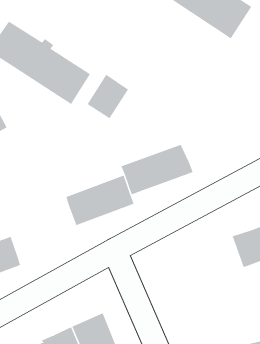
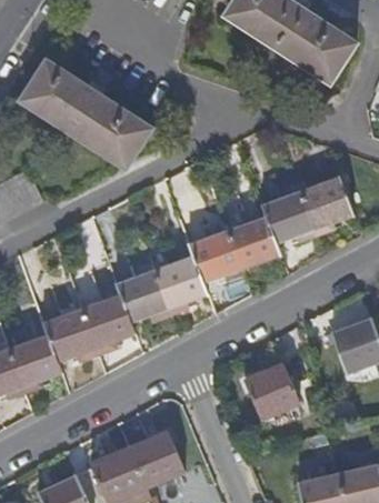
building: [87,74,129,119] -> none
building: none -> [262,177,355,240]
building: none -> [46,294,136,359]
building: none -> [243,364,300,421]

